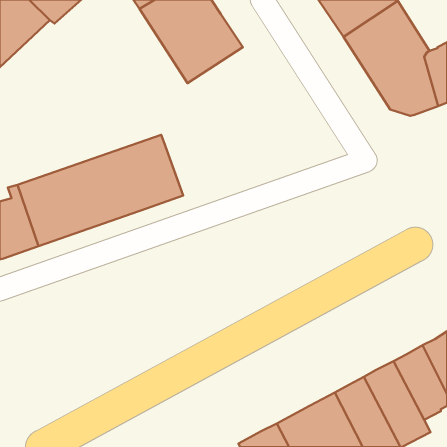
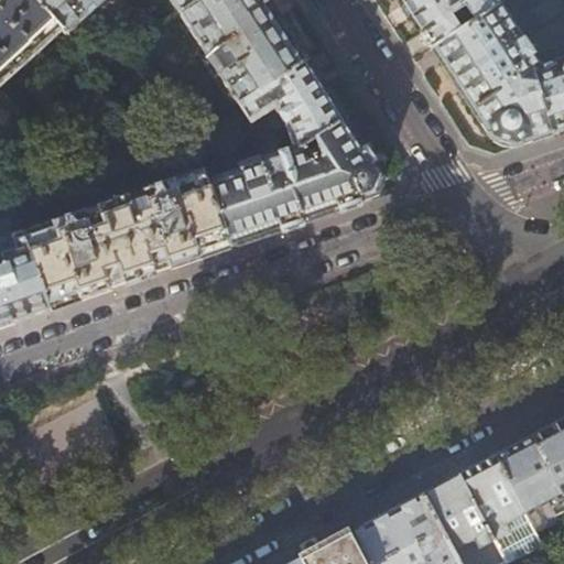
building: none -> [206,59,379,246]

